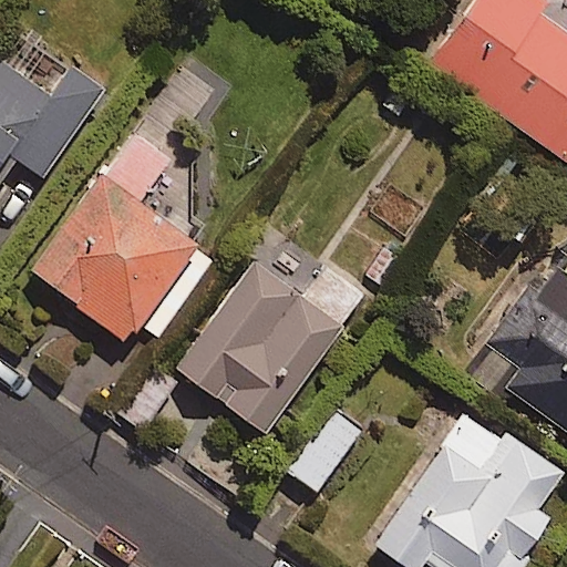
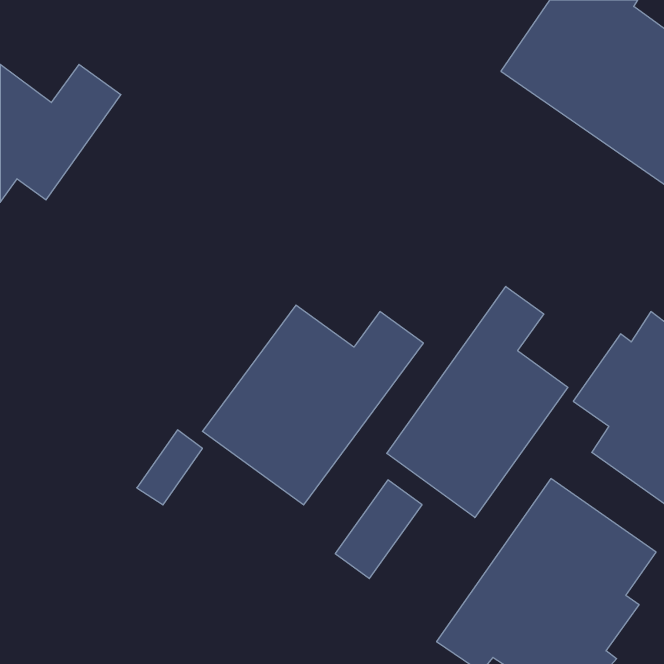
building: [30,135,212,339] -> none
building: none -> [387,286,568,518]

